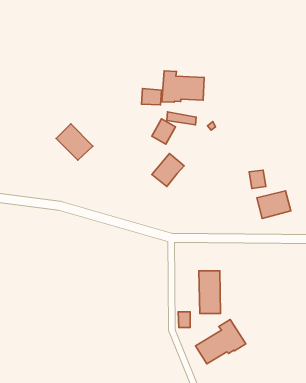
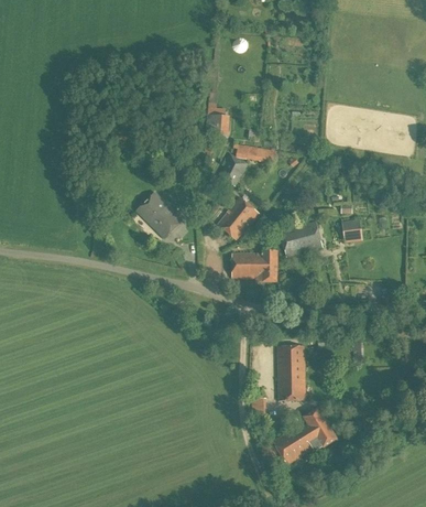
building: [162,71,204,102] -> none
building: [56,124,93,160] -> [136,192,183,238]
building: [257,191,291,219] -> [280,222,323,257]
building: none -> [231,250,276,281]

